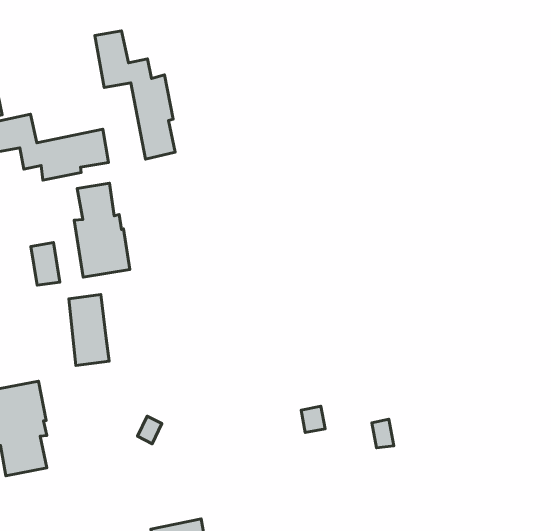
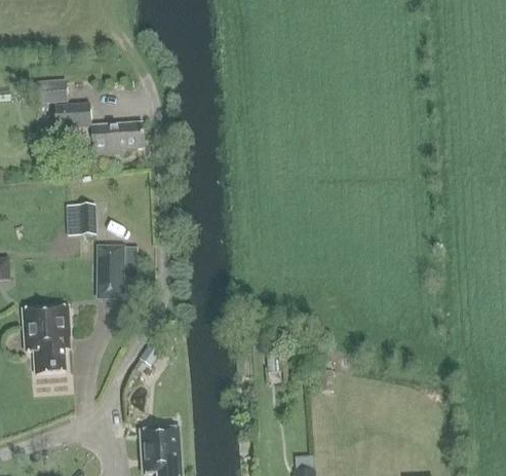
building: [95,31,175,159] -> none
building: [74,183,130,277] -> none

